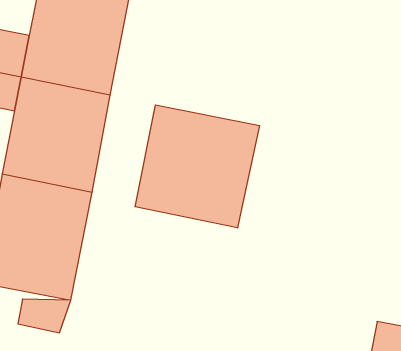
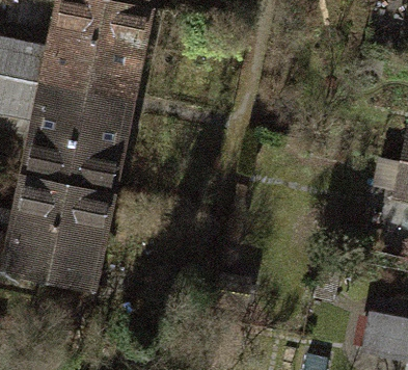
building: [135,105,260,228] -> none

